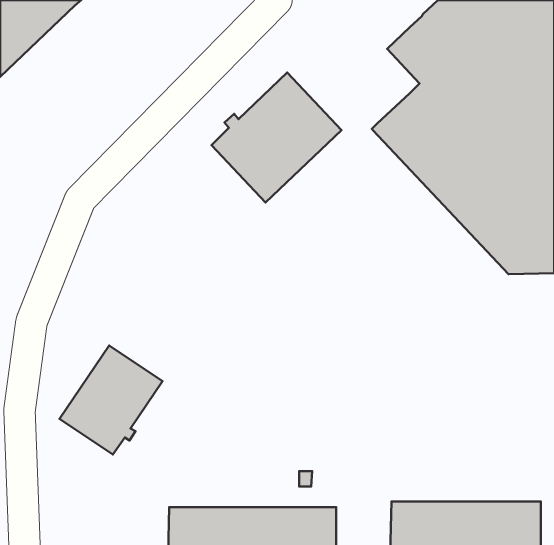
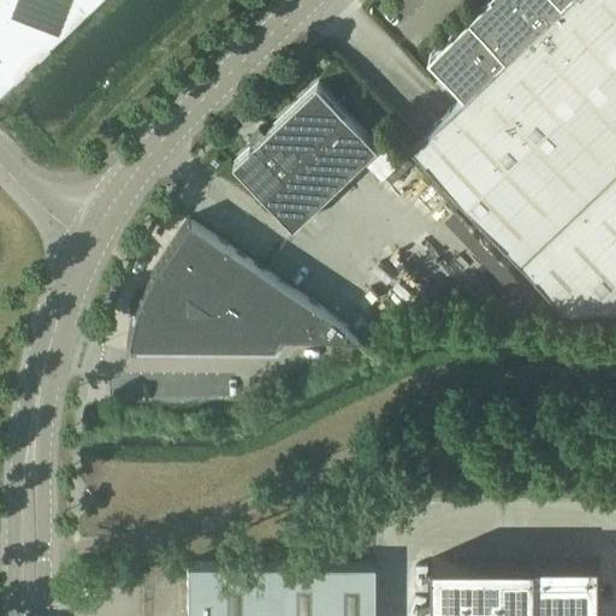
building: none -> [126,226,362,353]
building: [59,346,163,455] -> none

